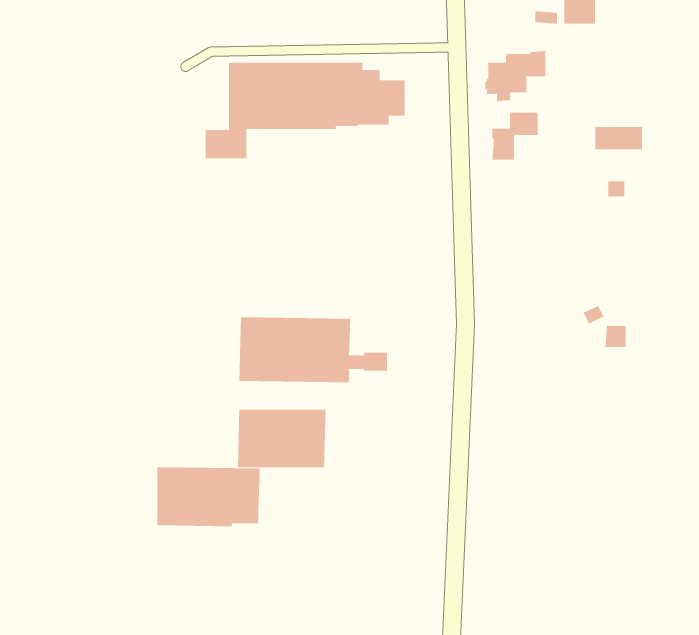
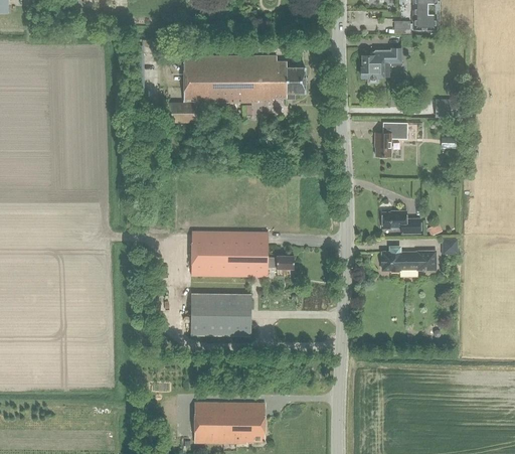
building: [492,112,538,160] -> [374,122,406,155]
building: none -> [381,210,420,233]
building: none -> [380,247,435,272]
building: [156,467,260,527] -> [193,402,265,443]

